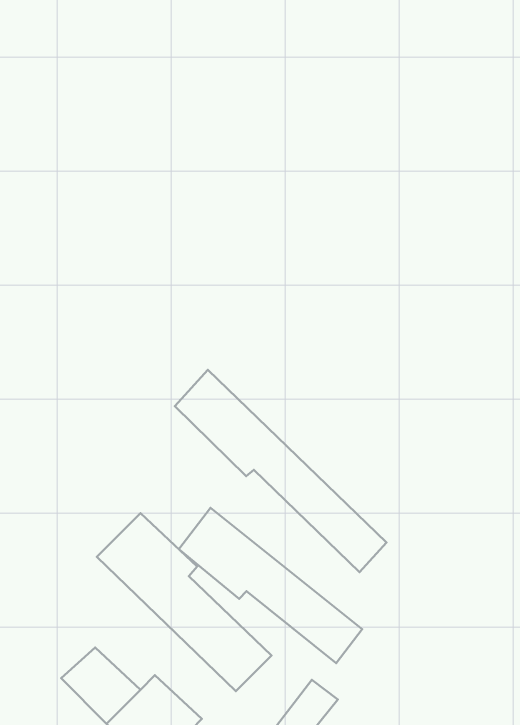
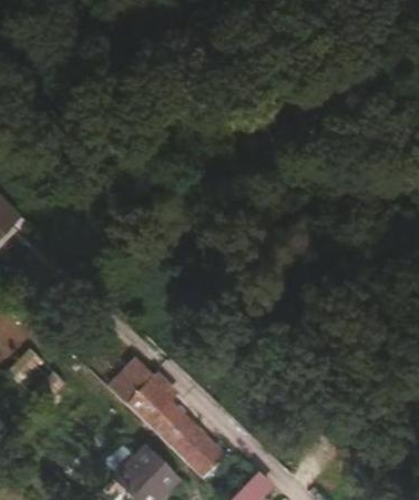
building: [175,370,387,572] -> none
building: [179,508,362,663] -> none

